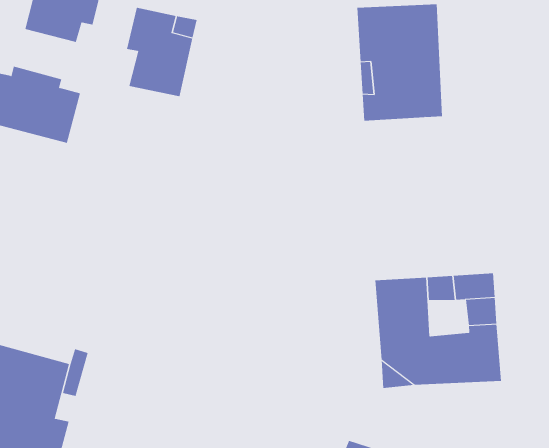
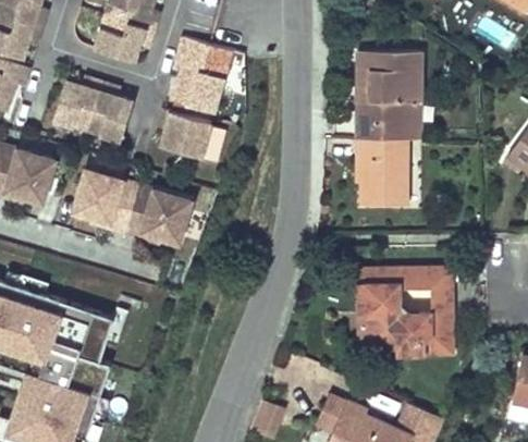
building: none -> [157,109,226,159]
building: none -> [357,142,407,207]
building: none -> [75,171,192,242]

